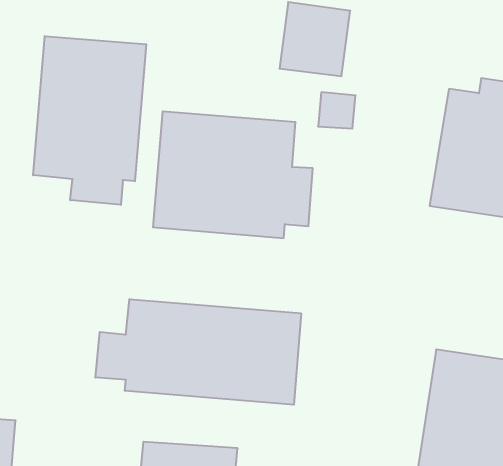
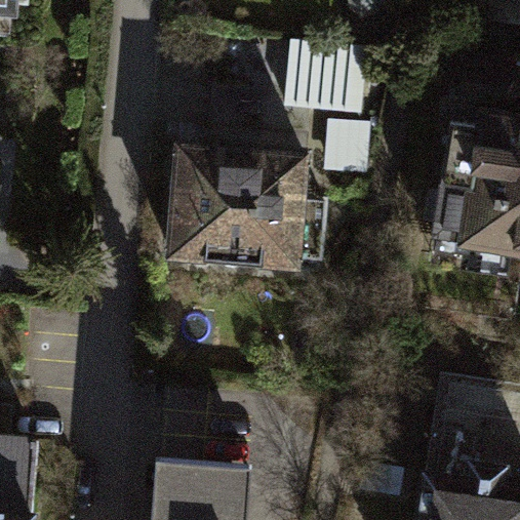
building: [33,36,146,205] -> none
building: [95,299,301,405] -> none

